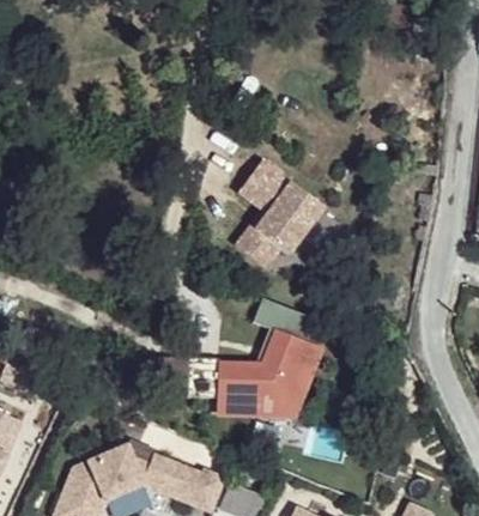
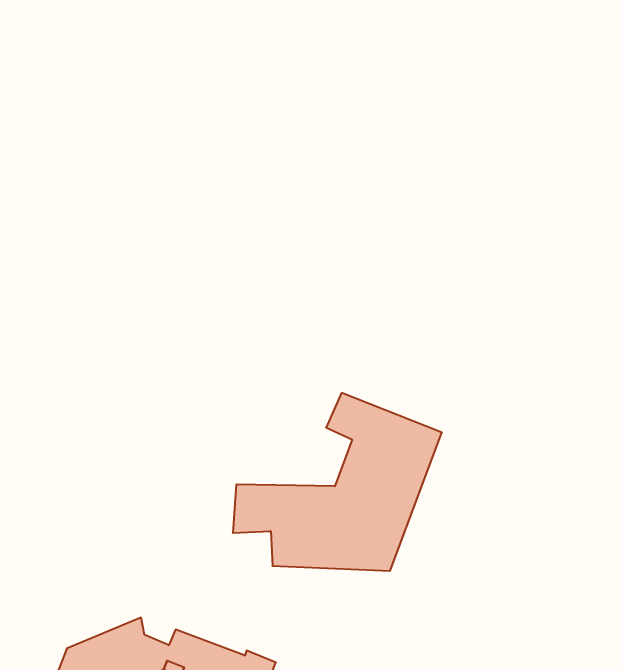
building: [243,163,328,269] -> none

